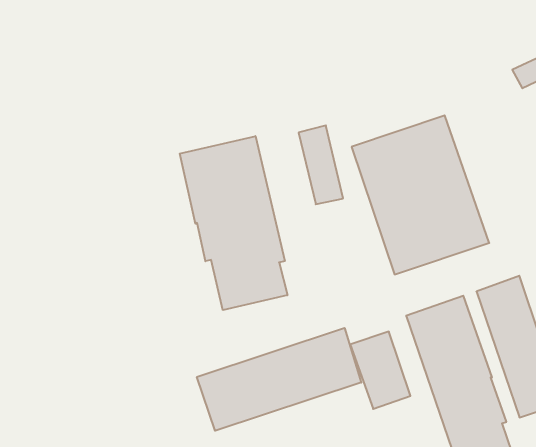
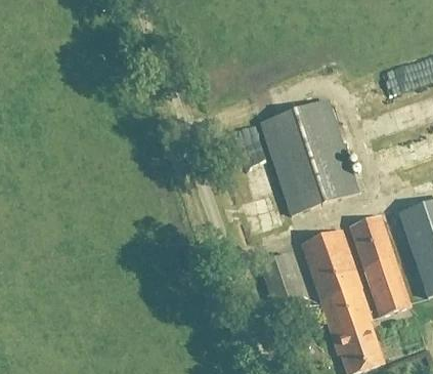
building: [180,136,287,310] -> none
building: [197,328,361,431] -> none

